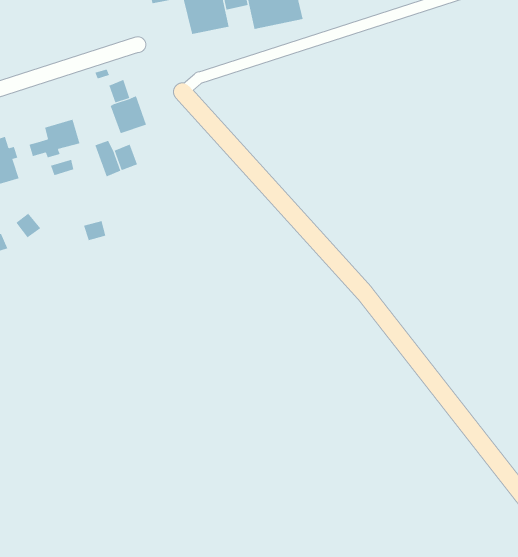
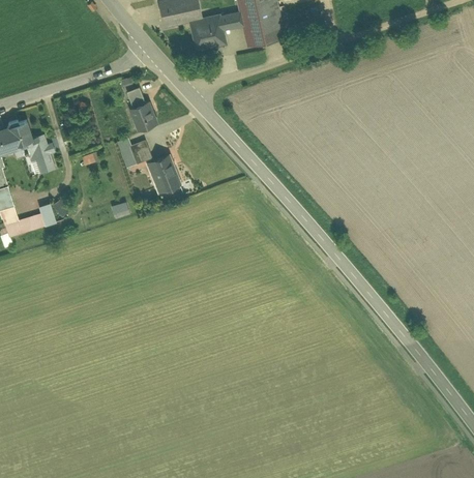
building: [29,119,80,158] -> none
building: none -> [145,153,182,195]

